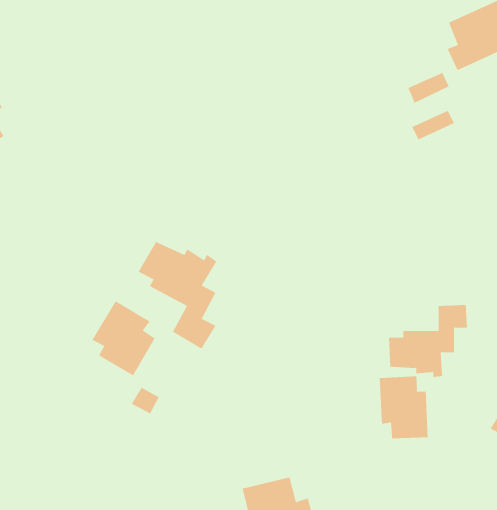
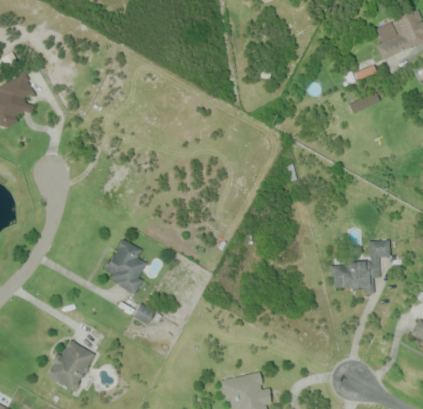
building: [138,241,217,350] -> none
building: [379,376,428,439] -> none
building: none -> [44,341,96,392]

